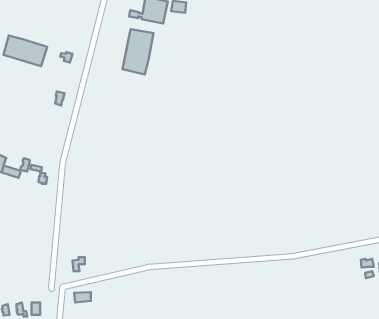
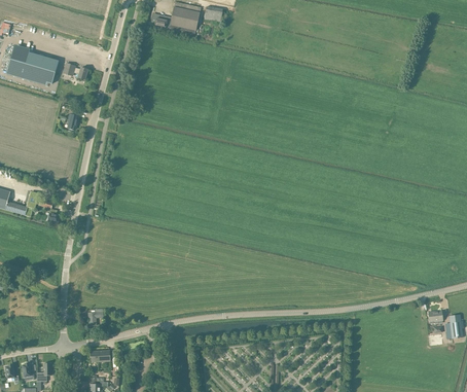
building: [123,29,153,74] -> none

